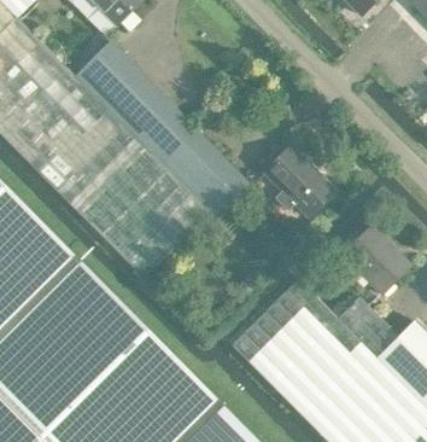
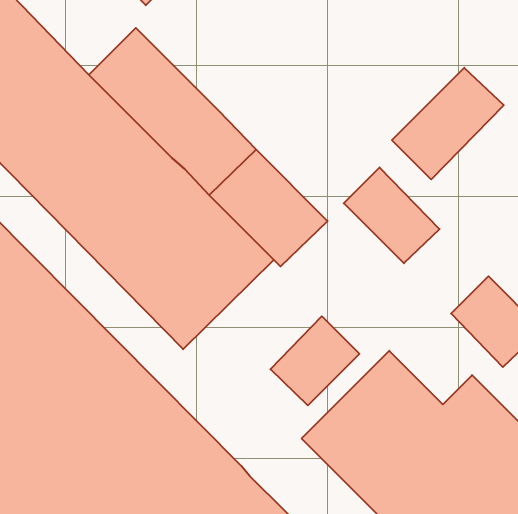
building: none -> [392,68,504,179]
building: none -> [270,316,359,405]

